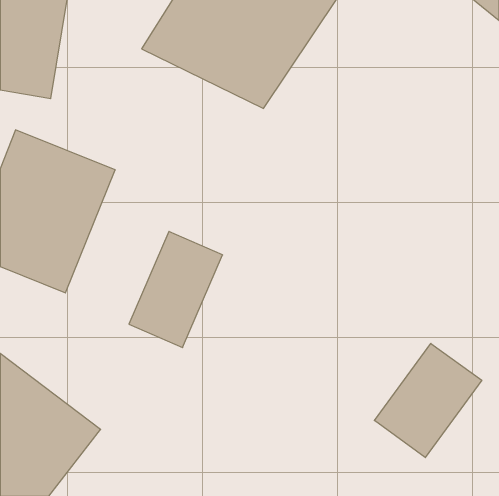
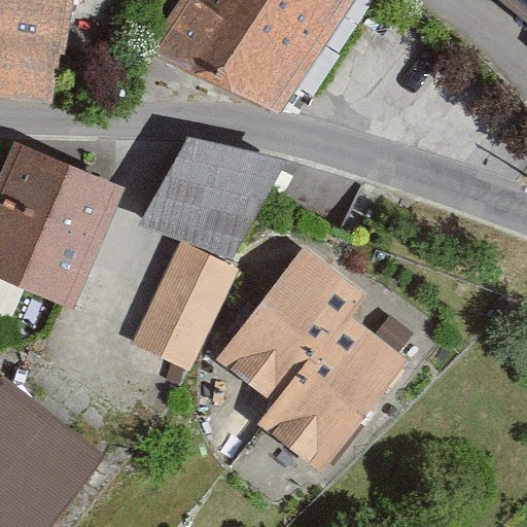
building: none -> [139,140,288,259]
building: none -> [216,253,394,464]
building: [374,343,482,458] -> none

